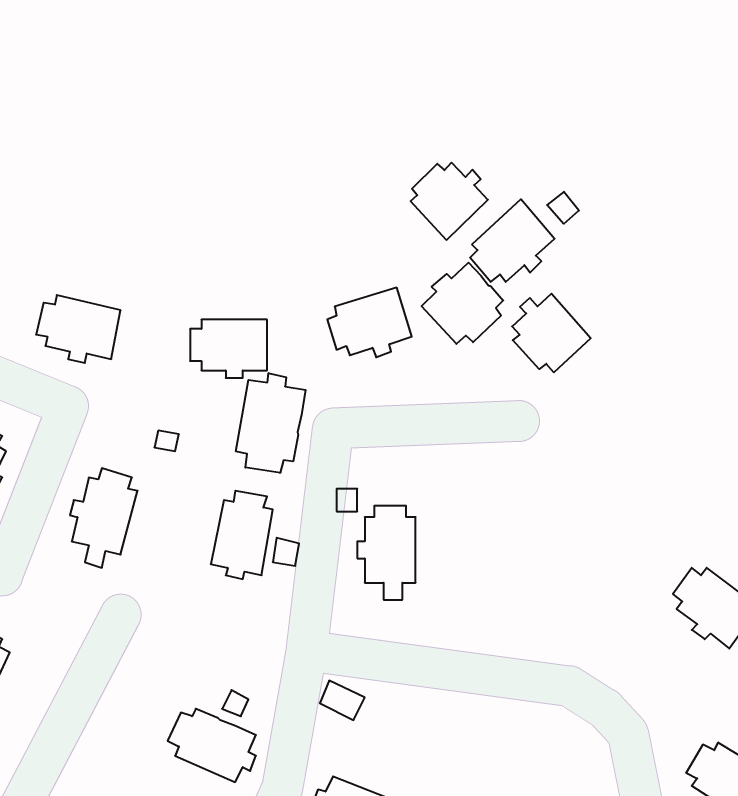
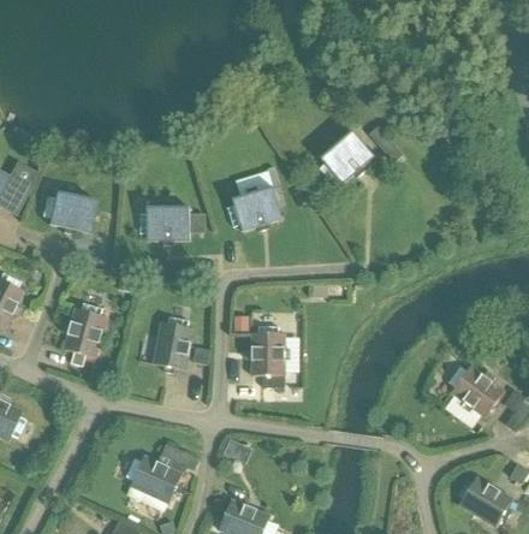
building: [411,163,488,240] -> none
building: [422,263,503,344] -> none
building: [512,294,591,372] -> none
building: [236,373,306,473] -> none

